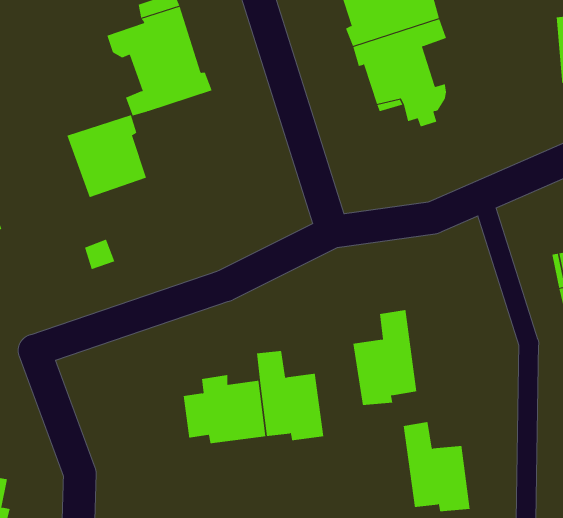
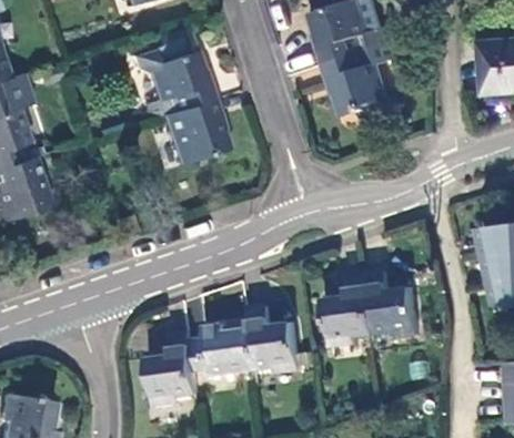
building: [66,114,147,198] -> [162,99,225,164]
building: none -> [148,329,198,406]
building: [403,421,471,512] -> [365,267,419,338]

